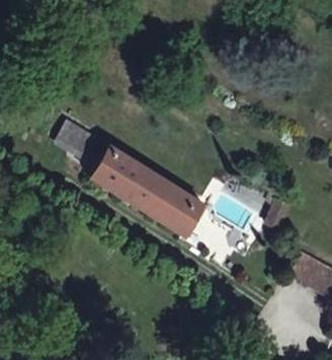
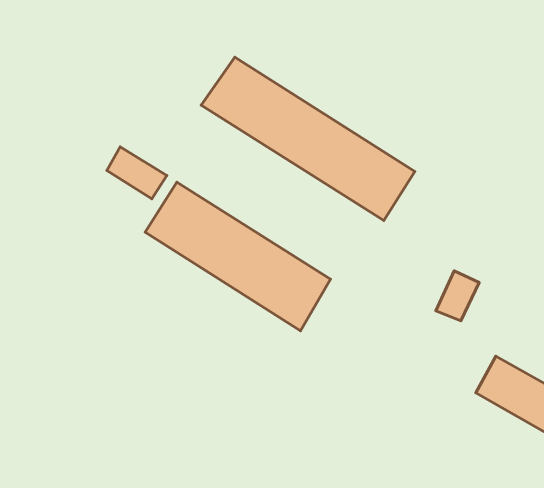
building: none -> [201,57,415,221]

